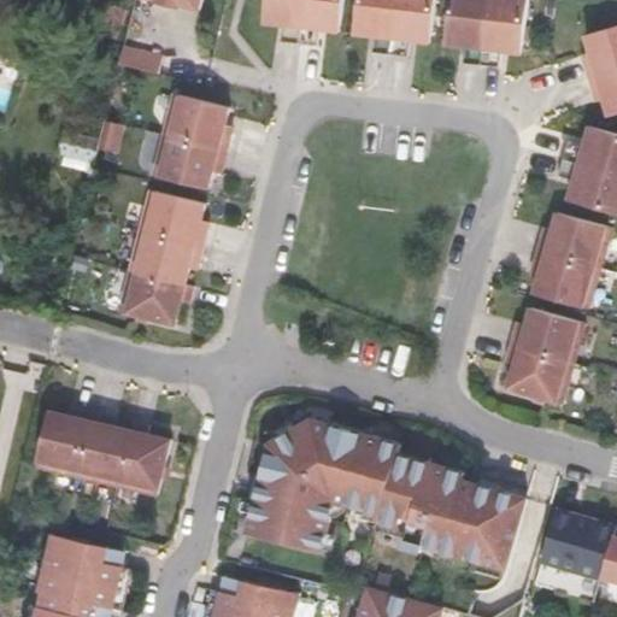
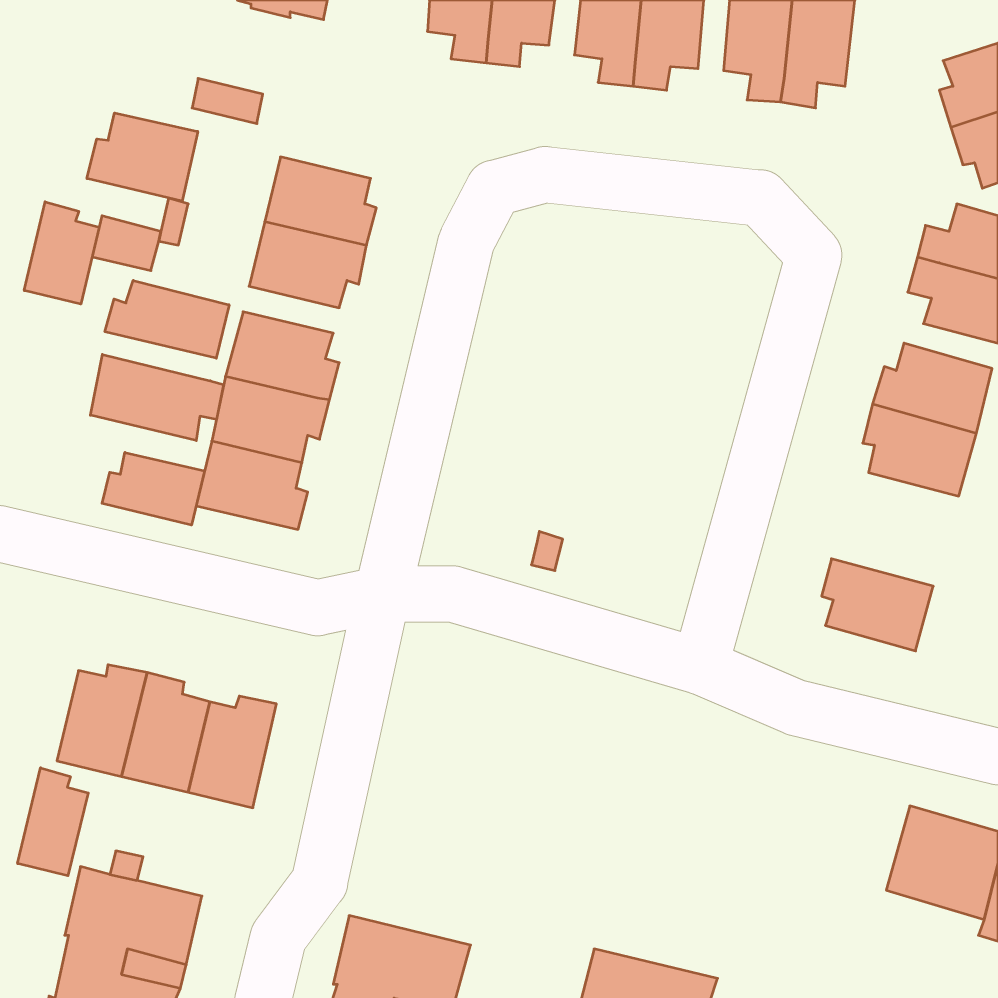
building: none -> [87,113,198,201]
building: none -> [24,202,99,304]
building: none -> [105,280,229,358]
building: none -> [90,354,224,441]
building: none -> [102,452,204,525]
building: [511,308,584,363] -> none
building: [251,413,530,562] -> none
building: none -> [18,768,88,876]

